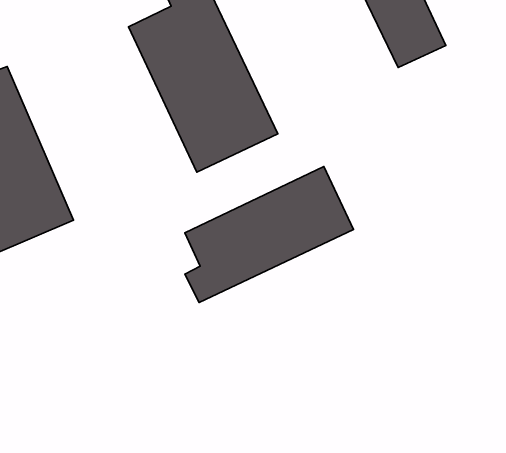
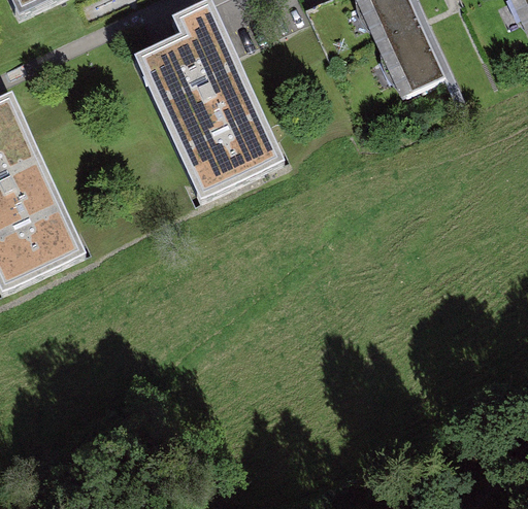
building: [185,167,354,302] -> none

